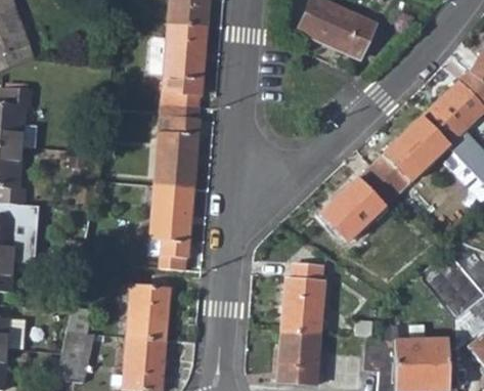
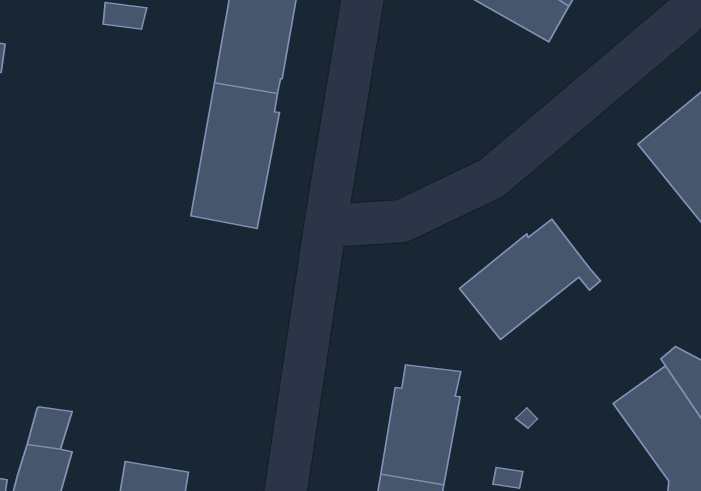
building: [372,117,449,194] -> none
building: [147,184,194,269] -> none
building: [127,287,170,340] -> none

